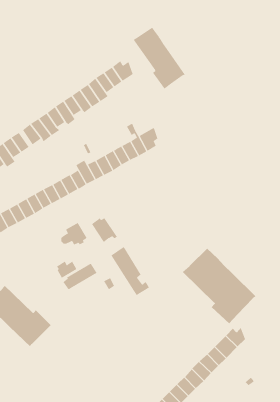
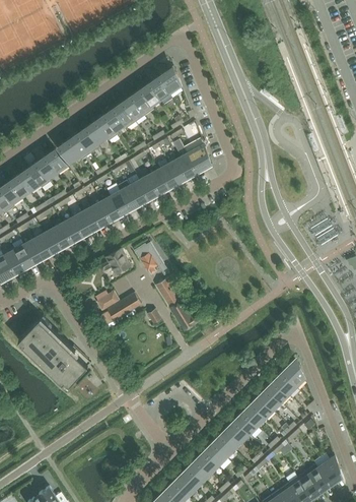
building: [133,27,186,89] -> none
building: [182,248,257,324] -> none

